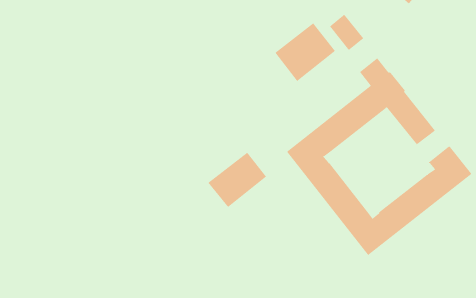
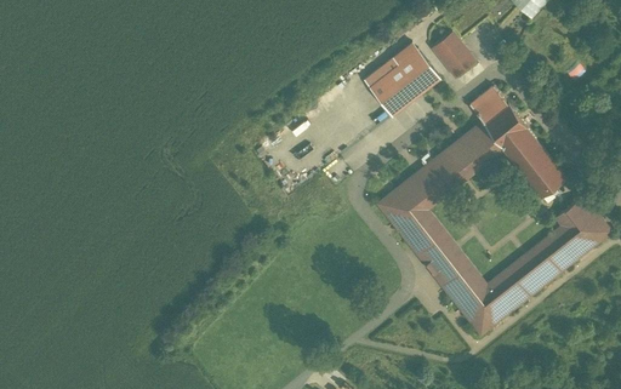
building: [208,152,267,208] -> none

